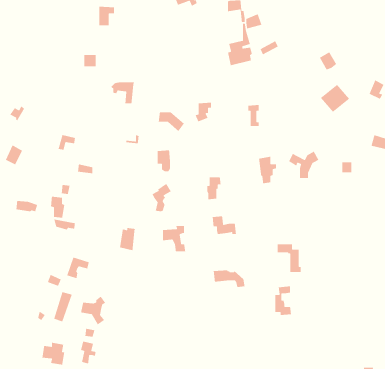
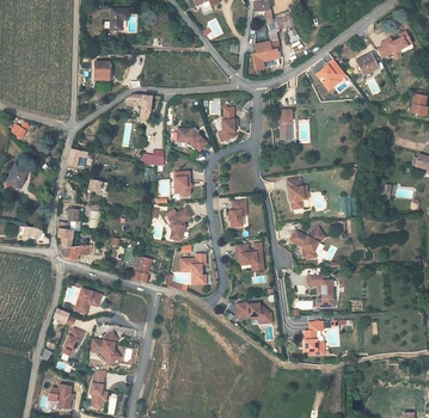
building: none -> [376,30,412,59]
building: [320,84,350,113] -> [313,57,347,90]
building: [288,151,320,179] -> [290,226,325,257]

